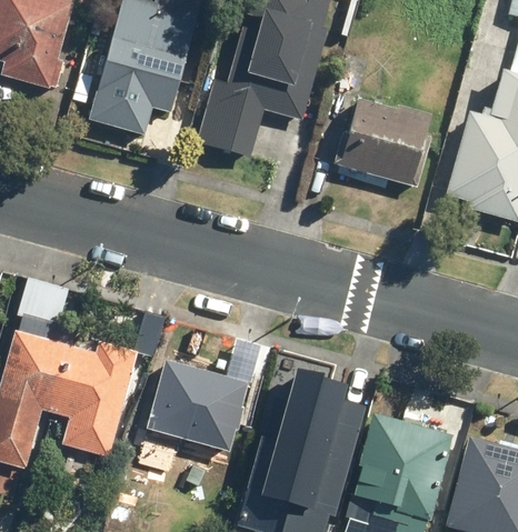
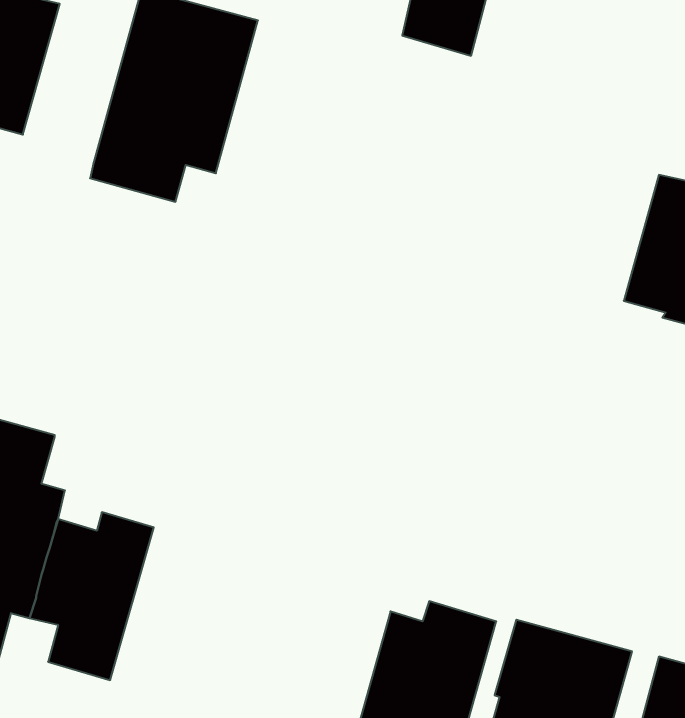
building: [210,31,301,152] -> none
building: [335,103,427,189] -> none
building: [148,358,256,448] -> none

